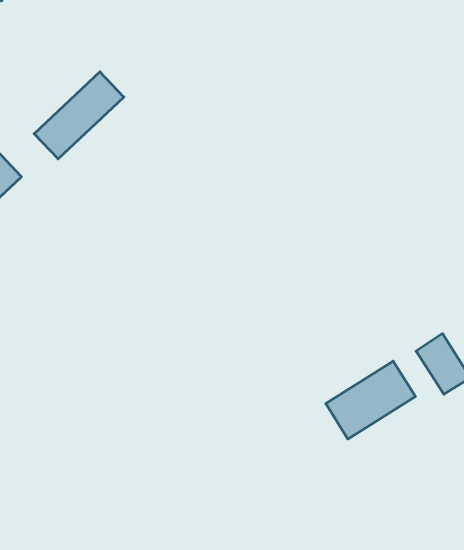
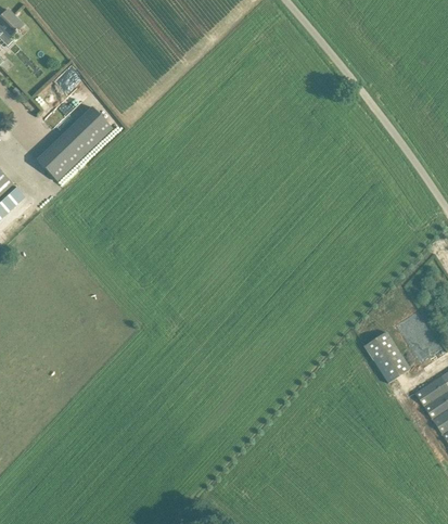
building: [326,361,415,439] -> none

